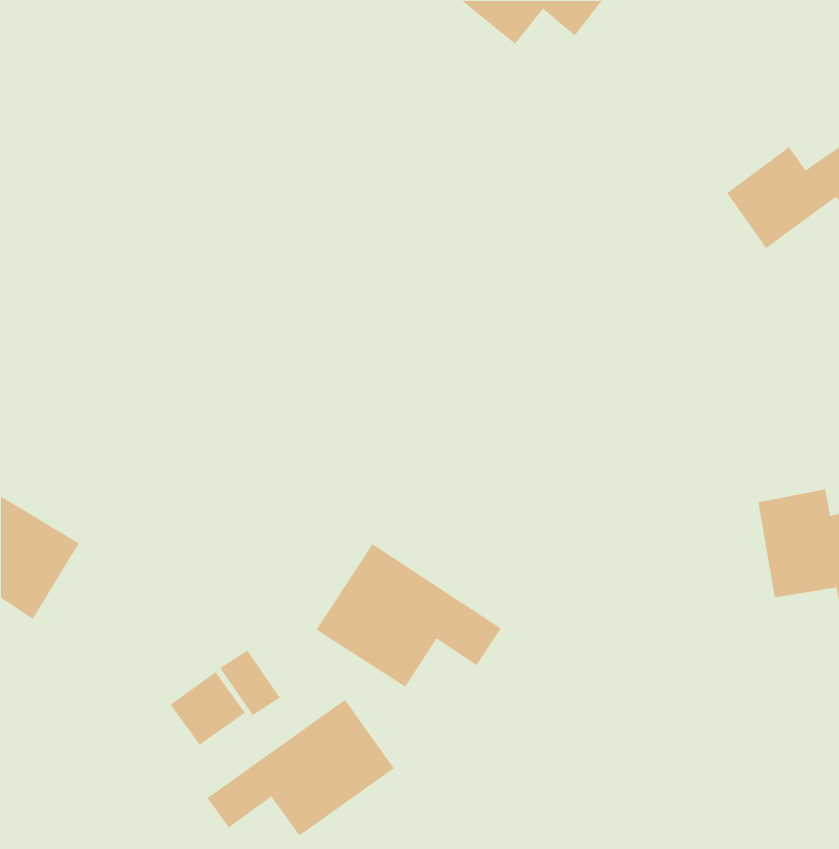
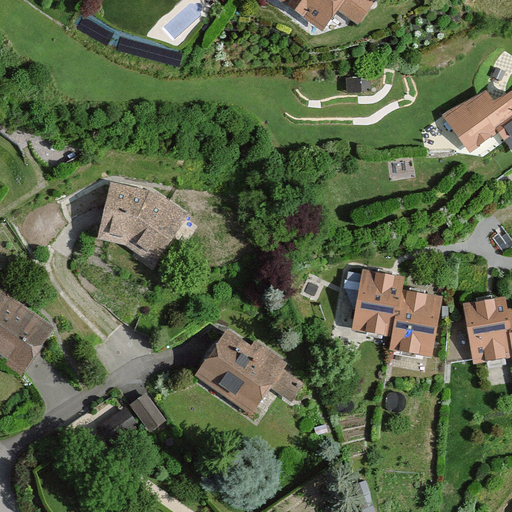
building: none -> [96,185,186,267]
building: none -> [354,271,439,356]
building: [207,699,395,837] -> none

